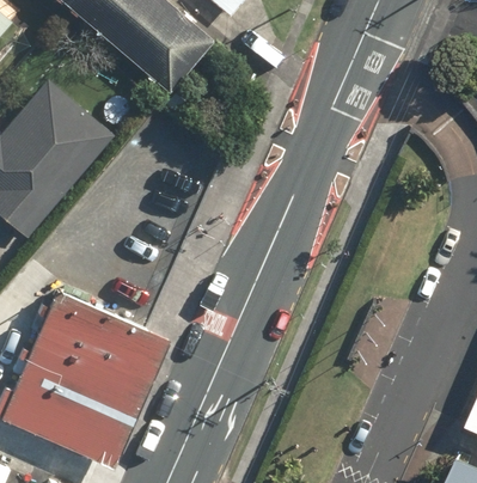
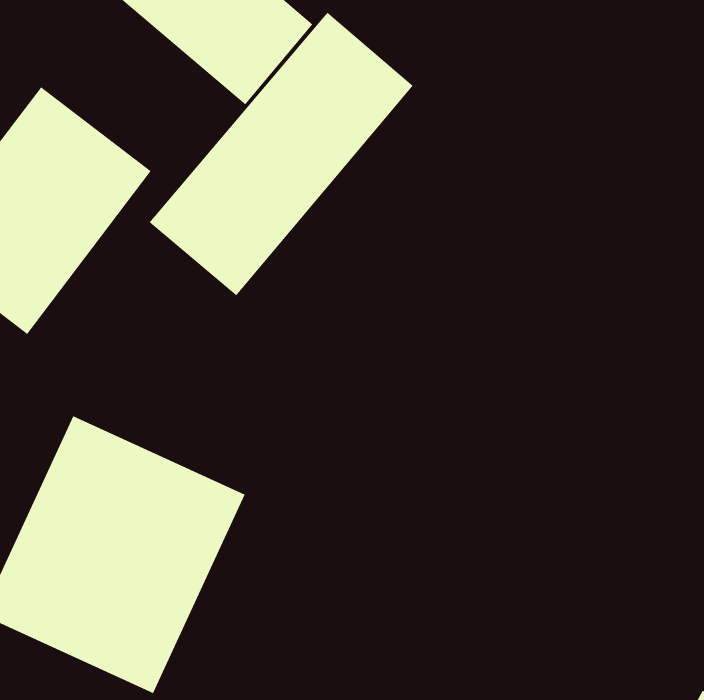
building: none -> [149,12,413,296]

